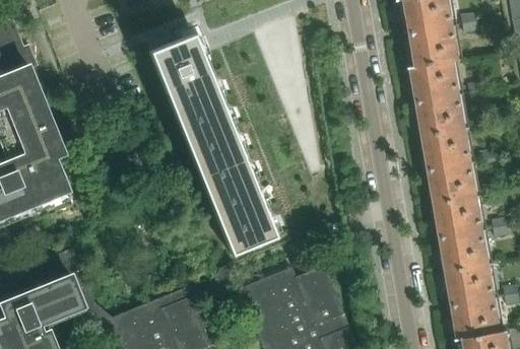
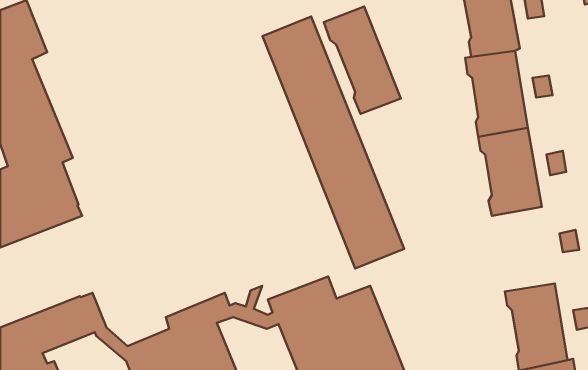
building: none -> [324,7,401,114]
building: [151,34,275,255] -> [262,16,404,269]
building: [433,198,488,272] -> none

